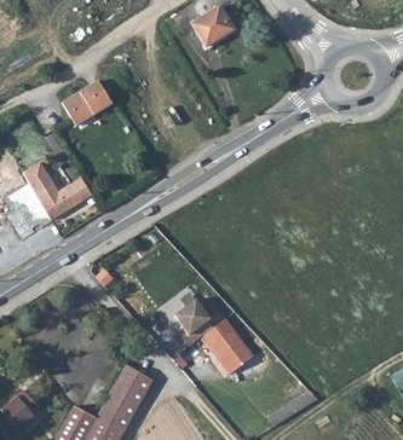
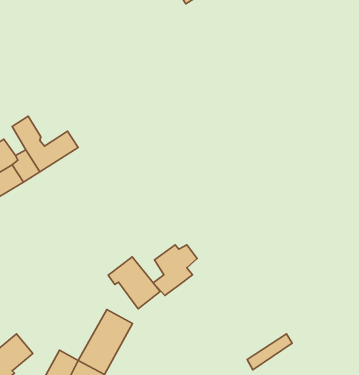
building: [61,80,113,126] -> none
building: [198,319,253,374] -> [108,257,160,309]

